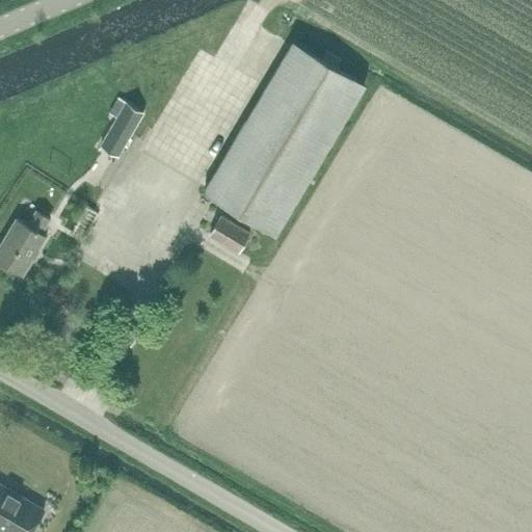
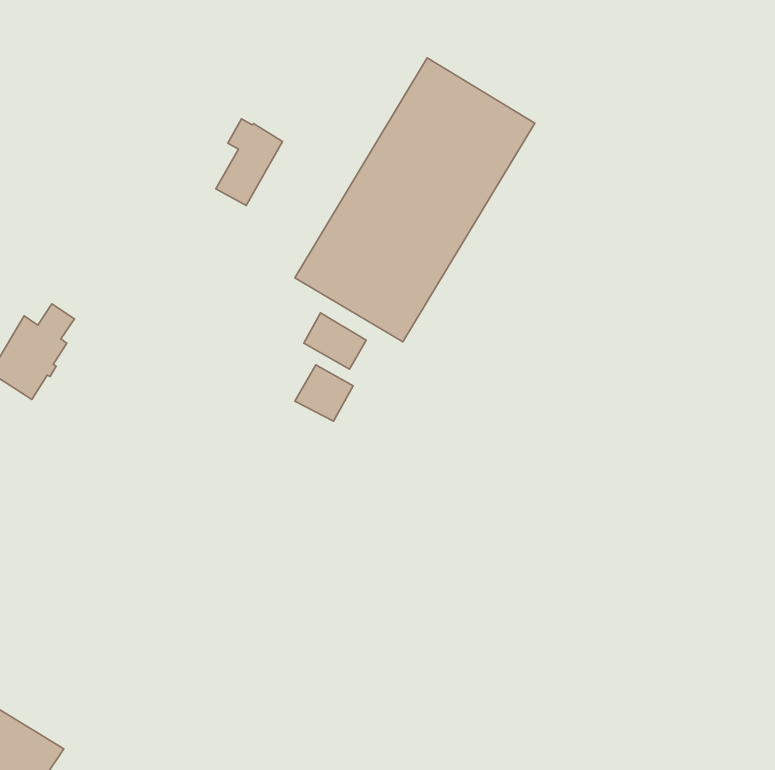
building: [99,101,144,160] -> [216,119,283,205]
building: none -> [295,365,353,421]

